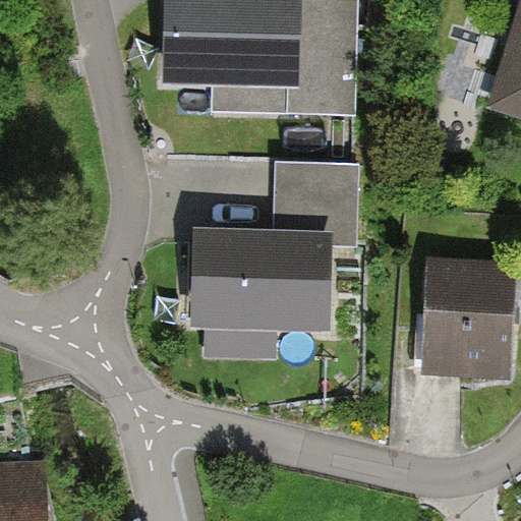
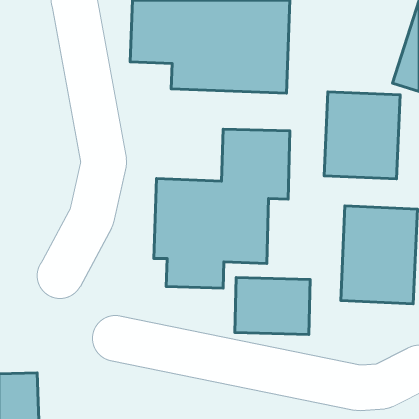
building: none -> [324,92,400,179]
building: none -> [235,277,310,335]

